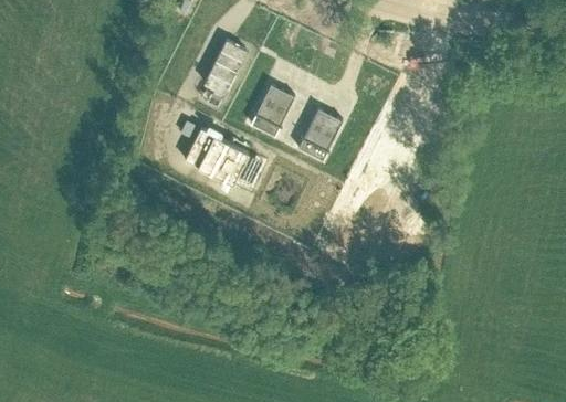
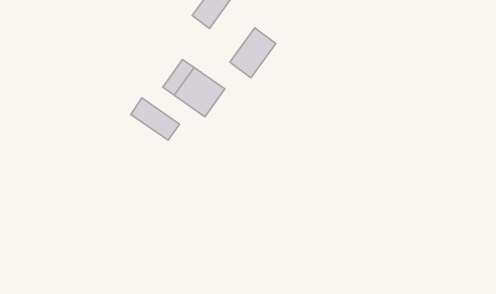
building: [298,108,343,160] -> none
building: none -> [131,98,179,140]

